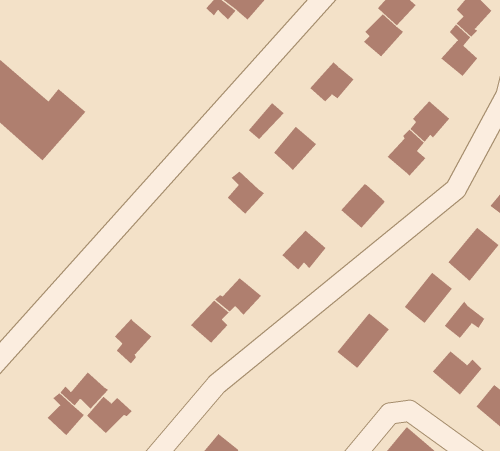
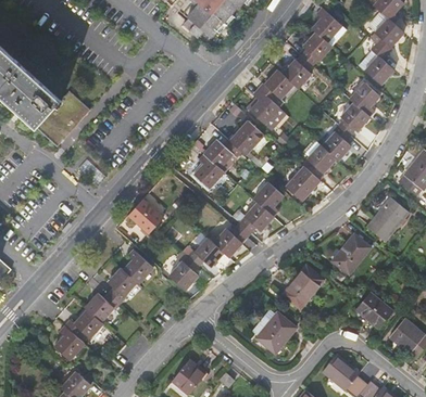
building: none -> [284,54,316,88]
building: none -> [349,79,379,114]
building: none -> [252,90,281,125]
building: none -> [206,140,245,168]
building: none -> [305,142,336,176]
building: none -> [254,181,284,214]
building: none -> [126,191,168,233]
building: none -> [212,223,248,255]
building: none -> [125,249,154,283]
building: [444,301,485,339] -> none
building: none -> [255,312,295,353]
building: [86,396,133,434] -> [87,292,123,321]

